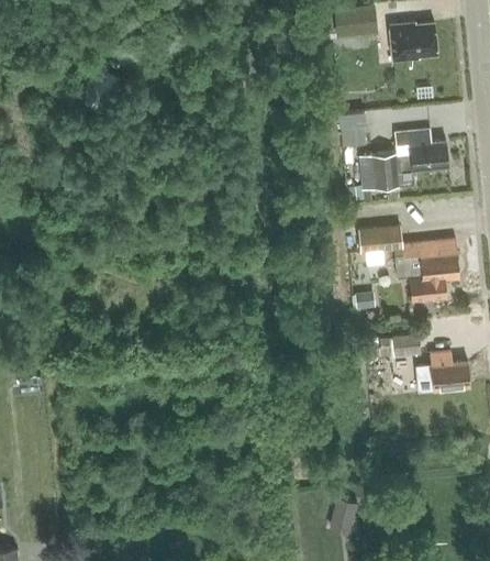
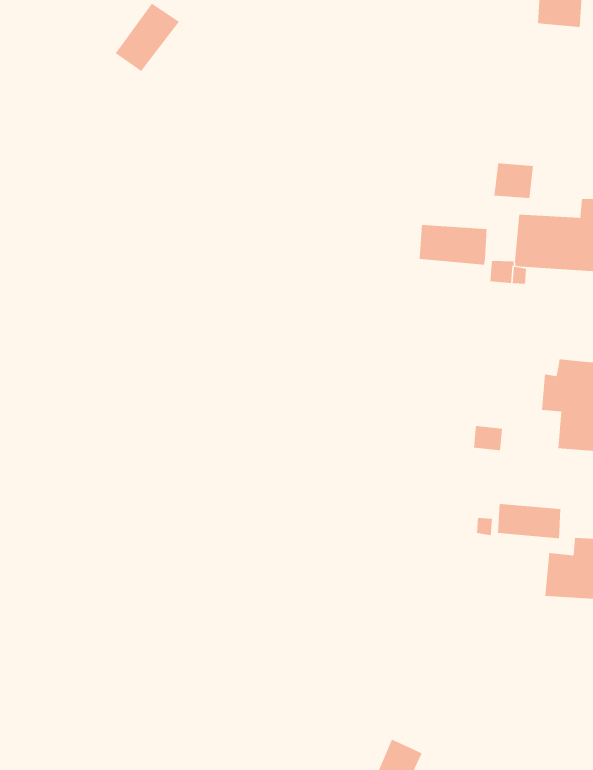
building: [357,223,401,250] -> [419,224,487,265]

